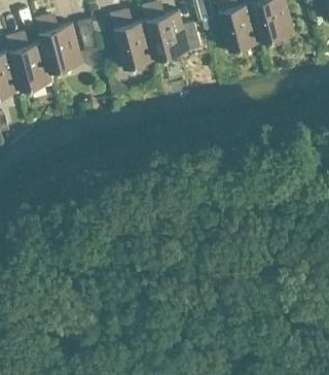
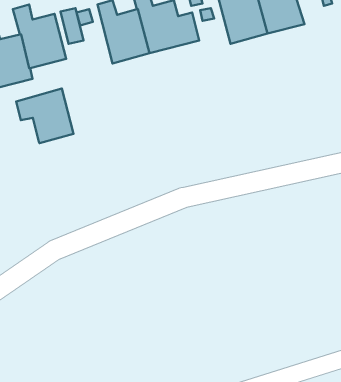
building: none -> [16,89,74,143]

